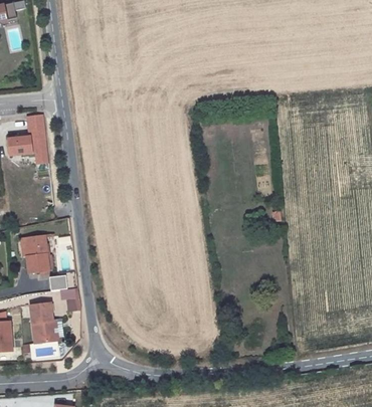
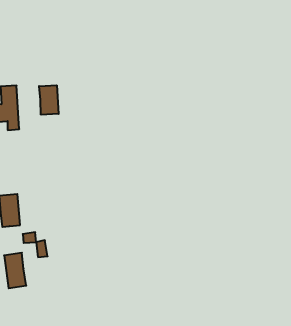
building: none -> [39,85,59,115]

